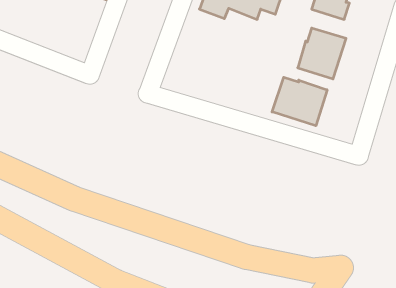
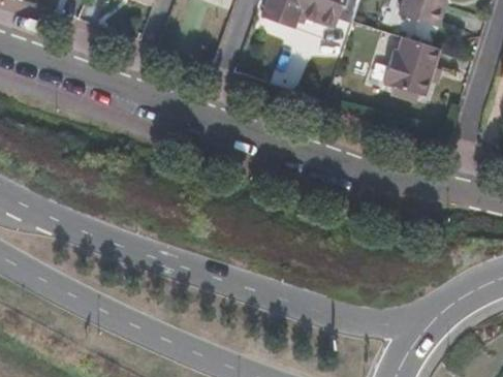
building: [272,77,327,126] -> none

